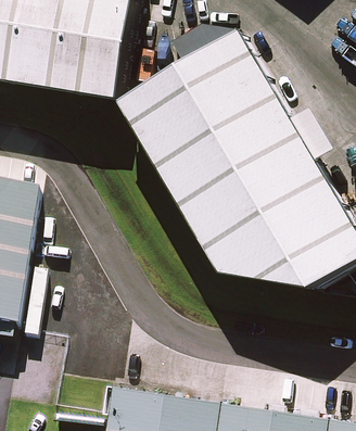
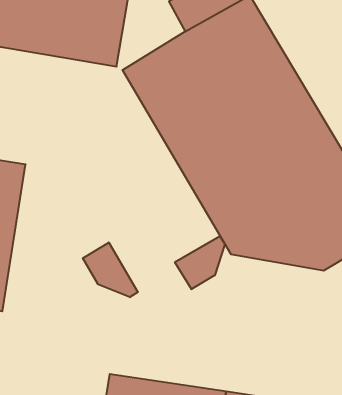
building: none -> [175,236,225,289]
building: none -> [83,242,138,297]

